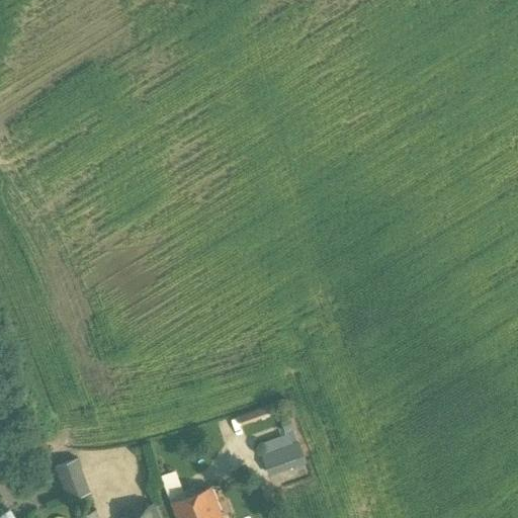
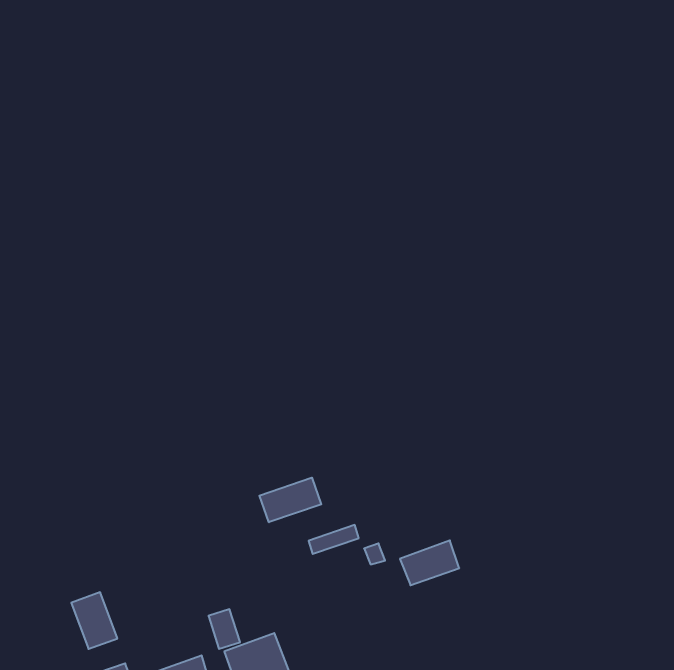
building: none -> [259,478,321,522]
building: [261,443,307,478] -> [400,540,459,585]

